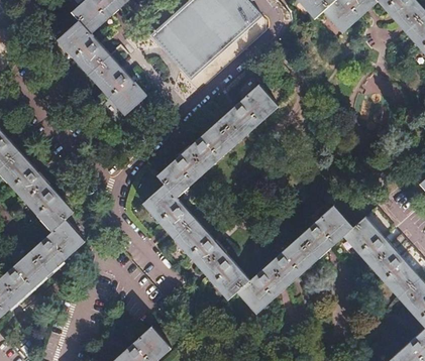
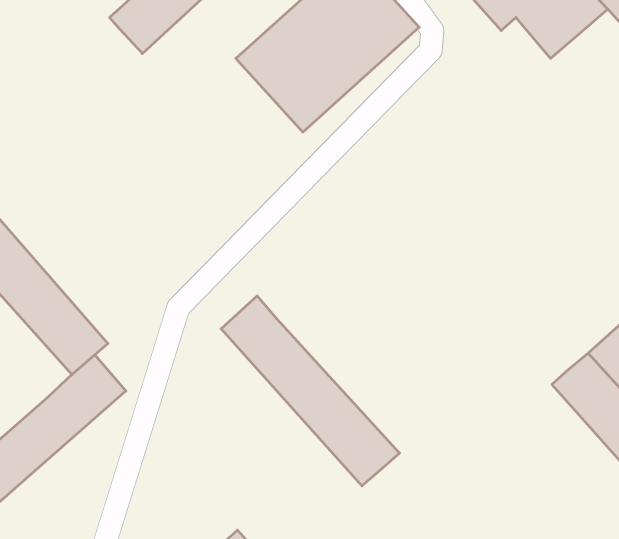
building: [57,18,145,115] -> none
building: [156,84,278,197] -> none
building: [236,206,355,315] -> none

